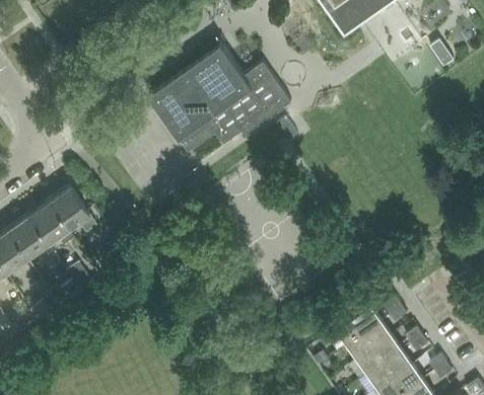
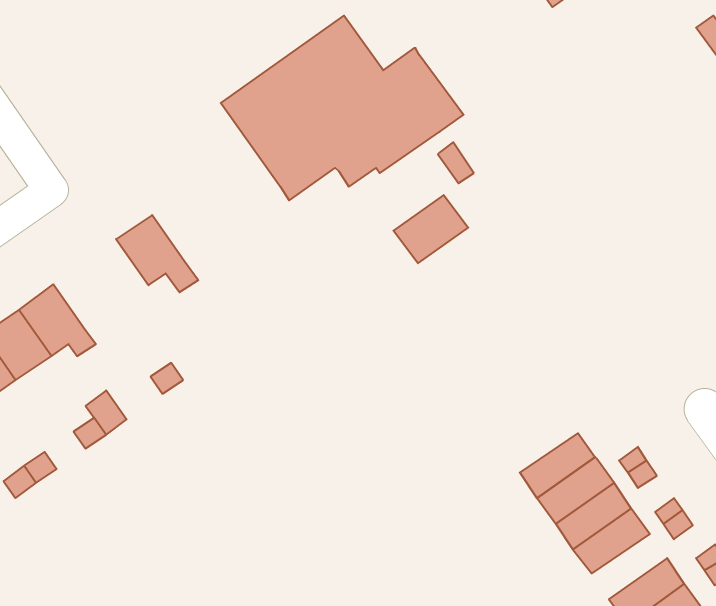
building: none -> [393,195,468,263]
building: [47,186,95,232] -> [116,215,198,292]
building: [366,348,411,387] -> [520,433,595,498]

